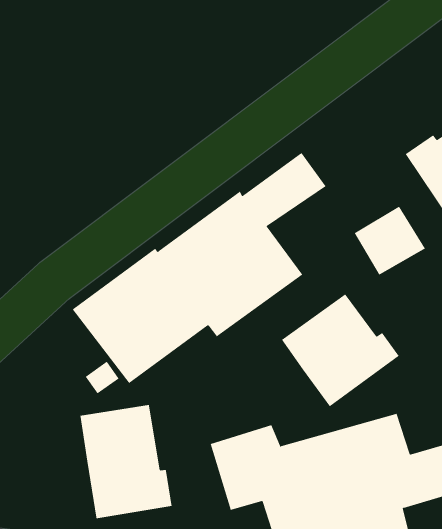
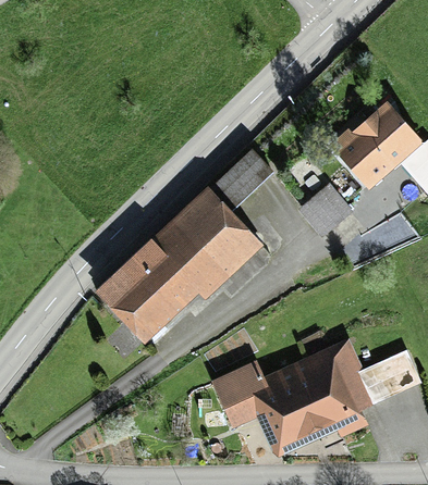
building: [281,293,400,407] -> none
building: [80,404,172,519] -> none

